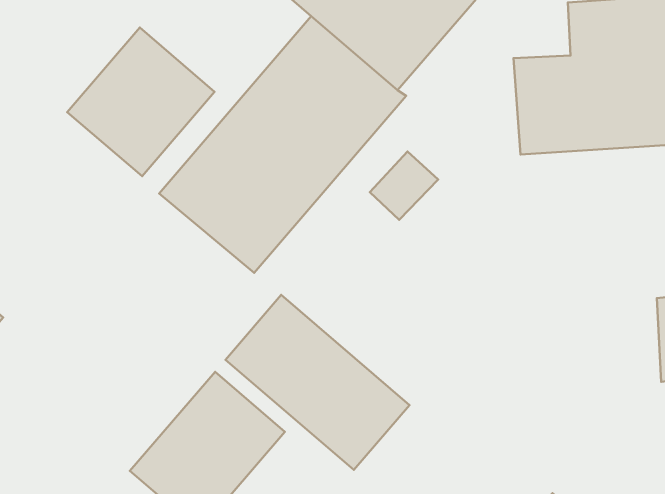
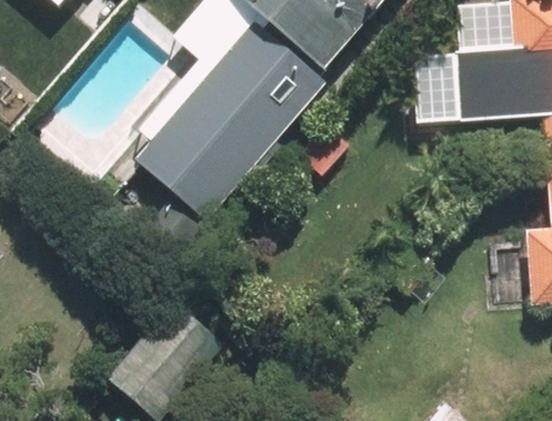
building: [67,28,215,176] -> none
building: [225,295,409,470] -> none

